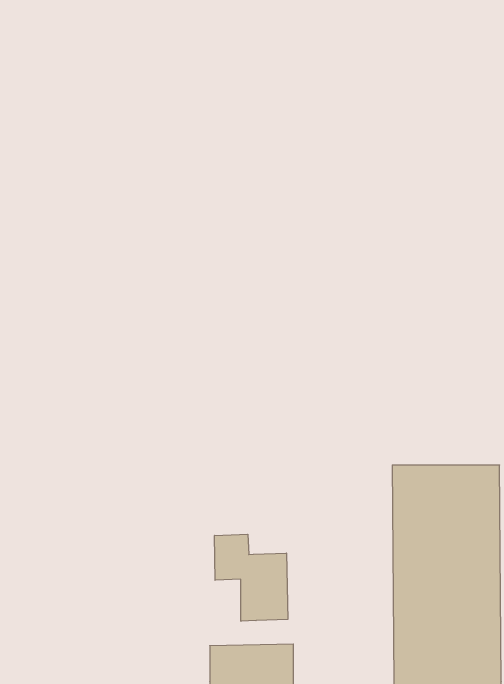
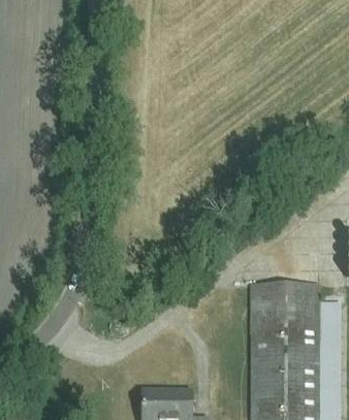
building: [215,534,288,621] -> none

